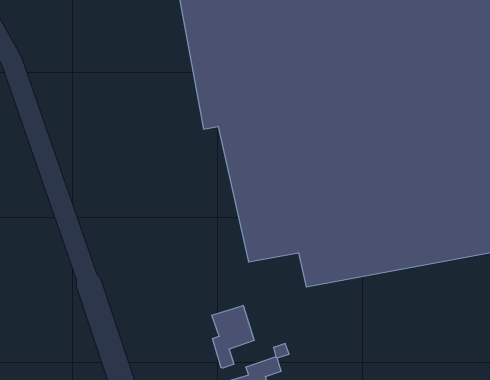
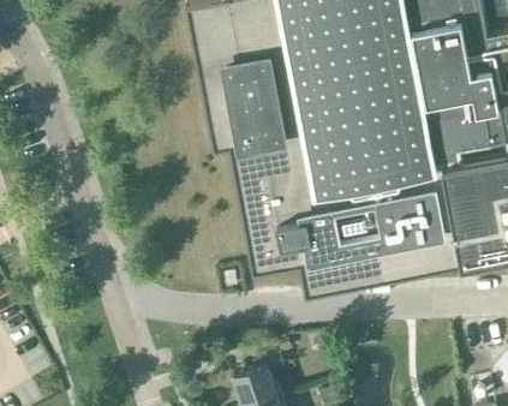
building: [212,305,254,368] -> none

